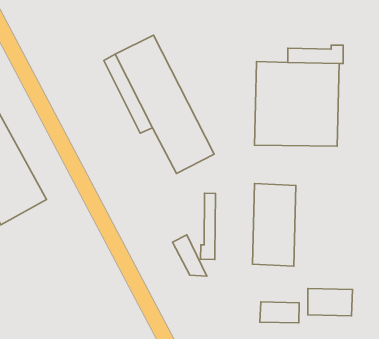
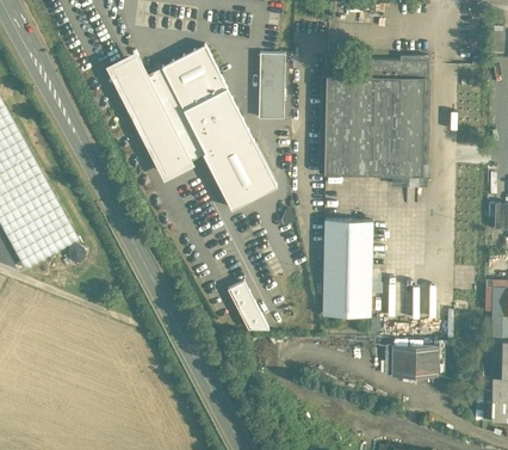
building: none -> [110,51,190,174]
building: none -> [259,54,284,118]
building: [201,193,216,260] -> none
building: [260,302,299,323] -> none

